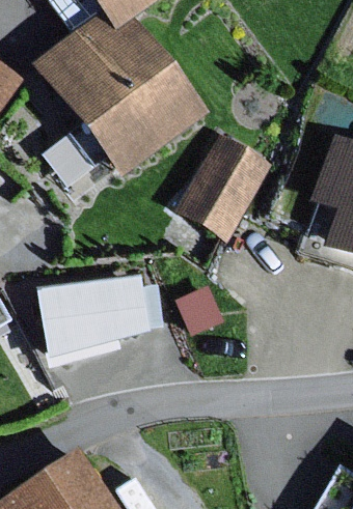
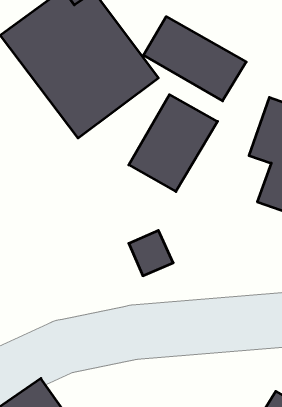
building: none -> [143,17,246,101]
building: [36,274,148,359] -> none

